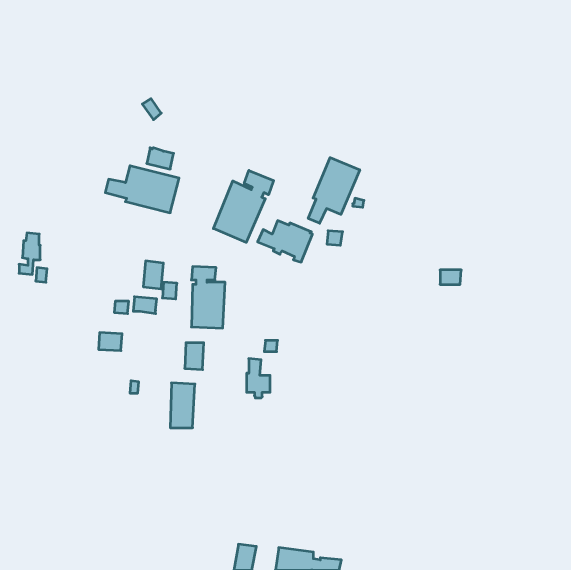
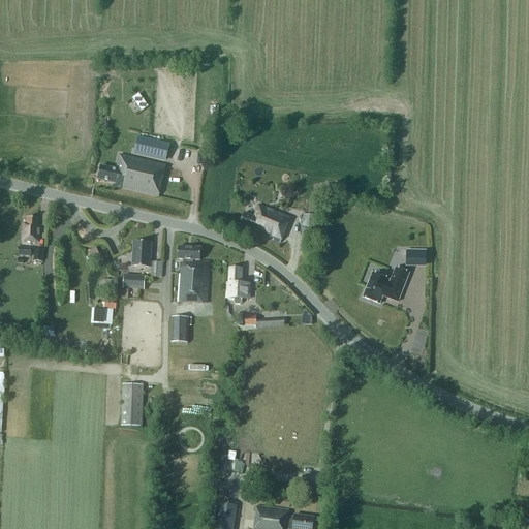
building: [308,158,360,223] -> none
building: [213,170,274,242] -> none
building: none -> [364,267,409,303]
building: [247,359,270,398] -> [227,267,249,303]
building: [170,383,195,428] -> [121,383,144,425]

